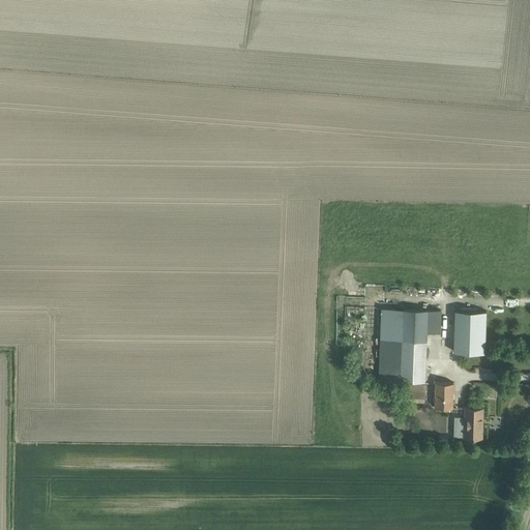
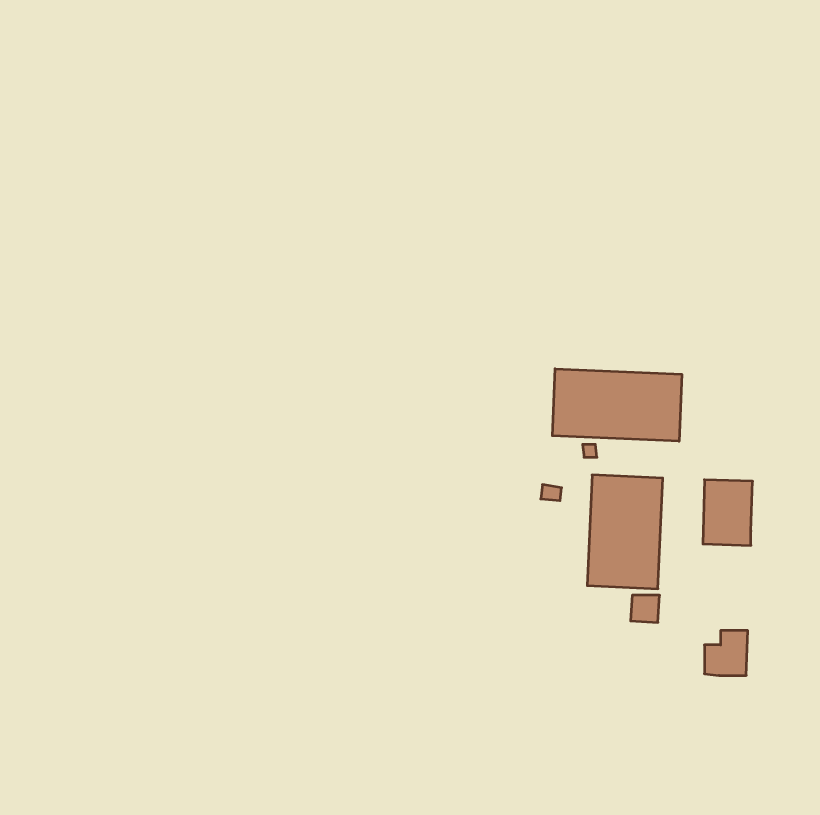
building: none -> [552,369,682,441]
building: [435,384,453,410] -> none

